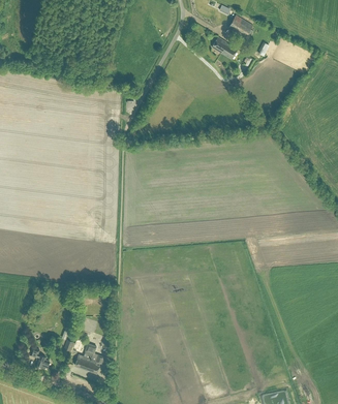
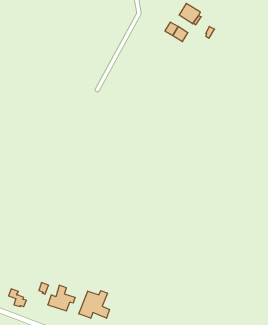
building: none -> [79,291,109,318]

